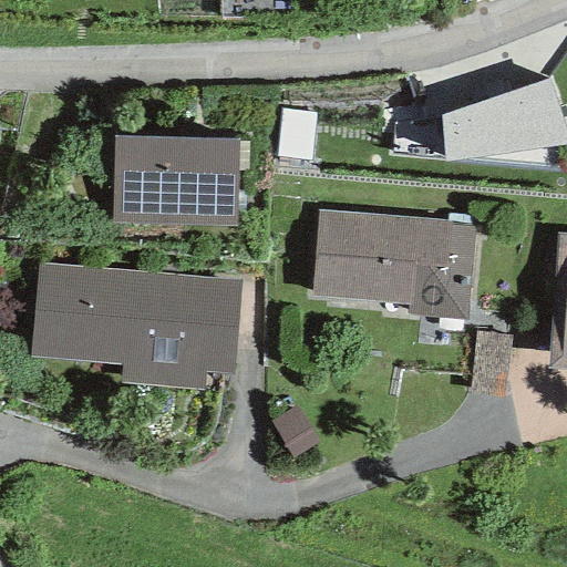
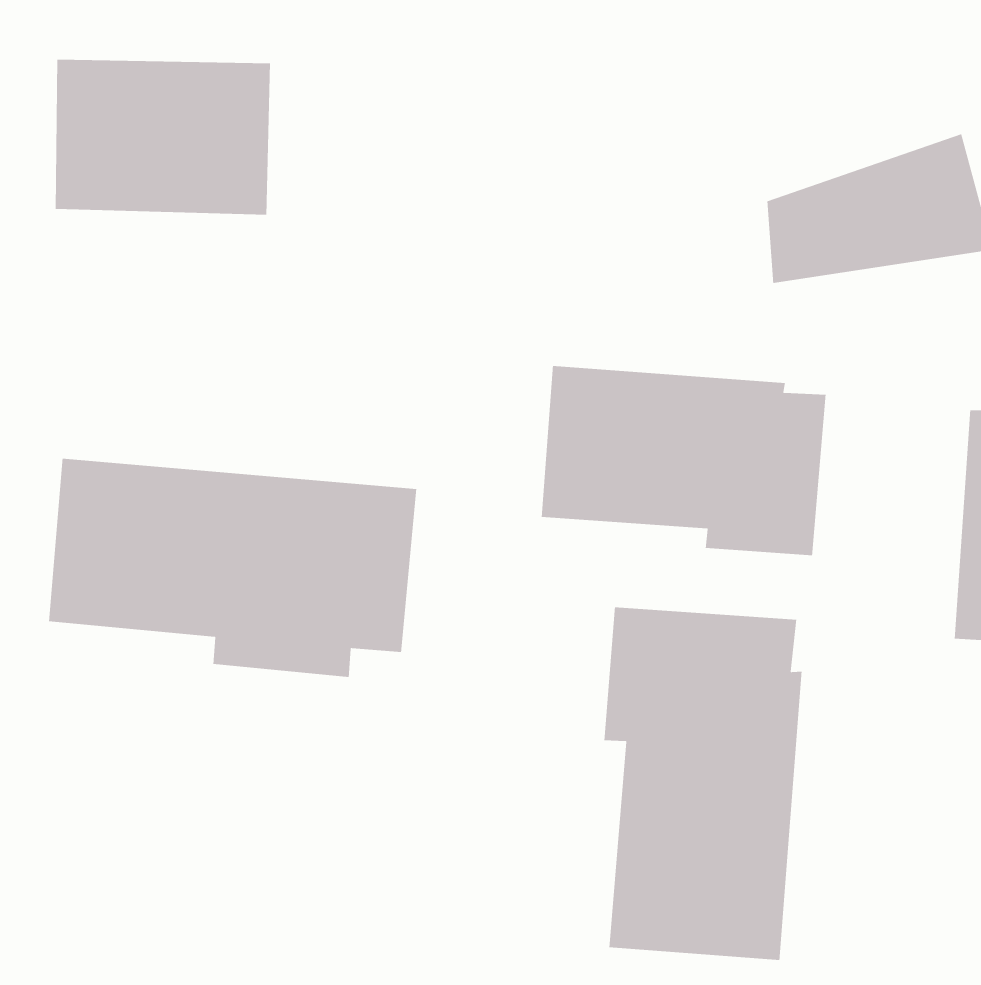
building: [114,135,238,225] -> [55,59,271,215]
building: none -> [604,607,803,961]

